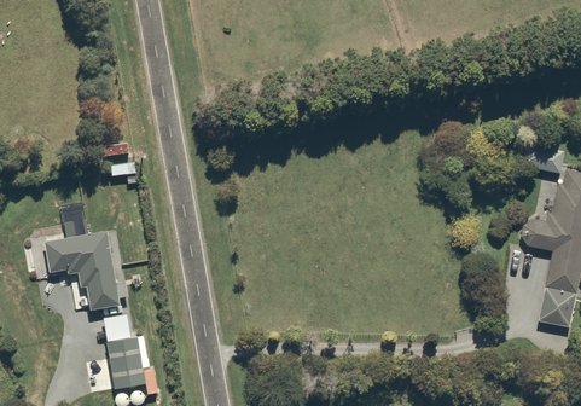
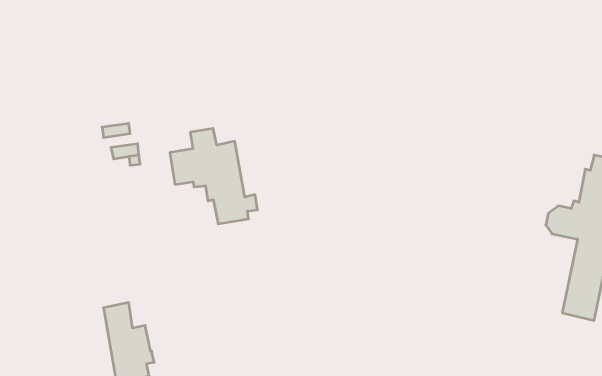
building: [43,219,127,309] -> [170,128,258,224]

